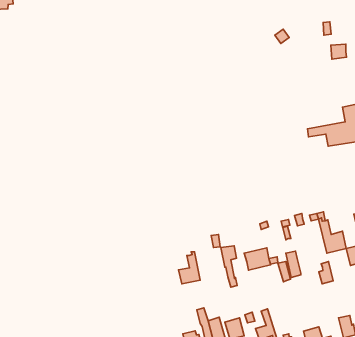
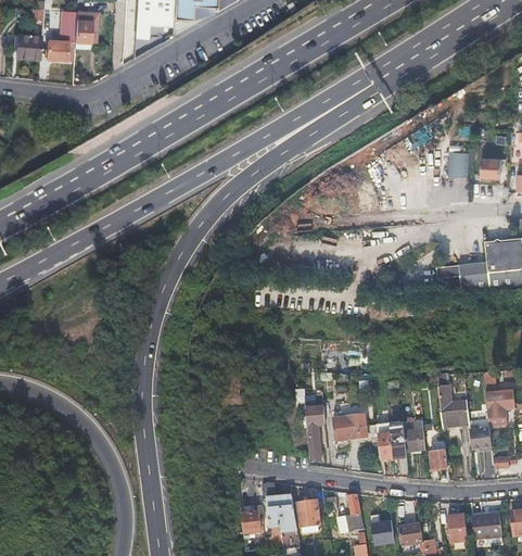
building: none -> [449,150,470,176]
building: none -> [404,422,425,450]
building: [179,252,200,284] -> none

